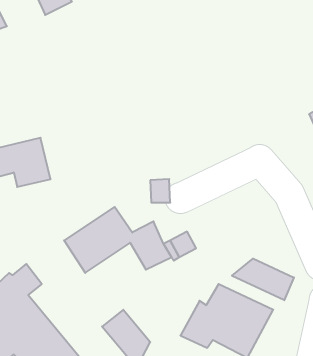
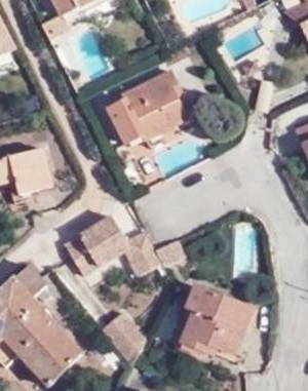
building: none -> [106,75,185,146]
building: [232,259,294,300] -> none

